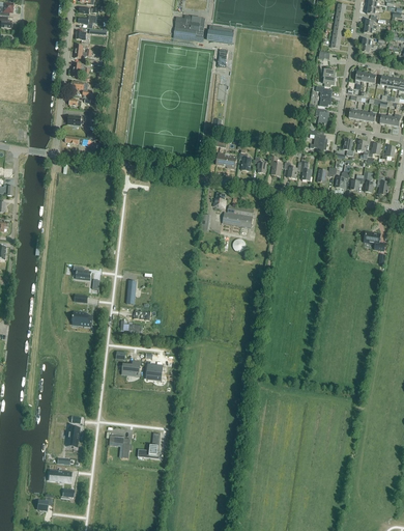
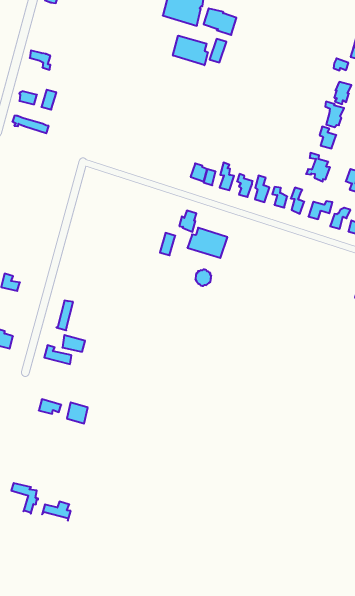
building: none -> [173,36,208,65]

